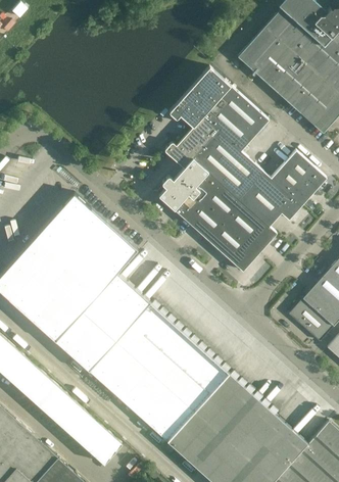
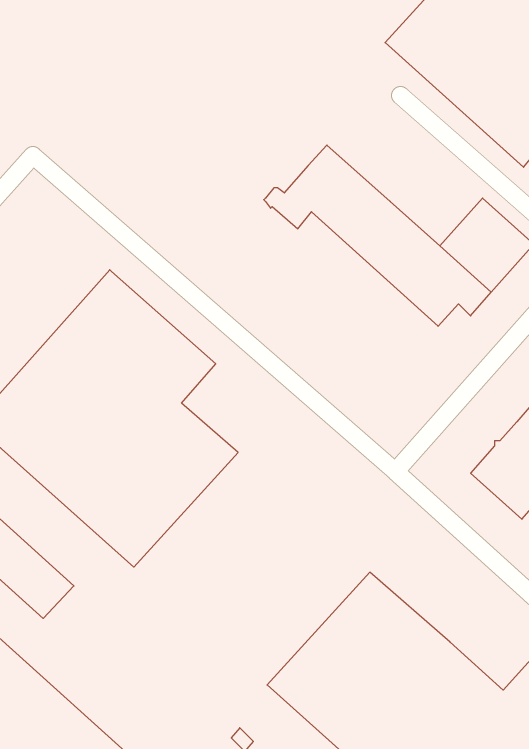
building: [169,66,270,152] -> none
building: [157,158,277,272] -> none
building: [88,302,229,441] -> none
building: [34,382,122,464] -> none

